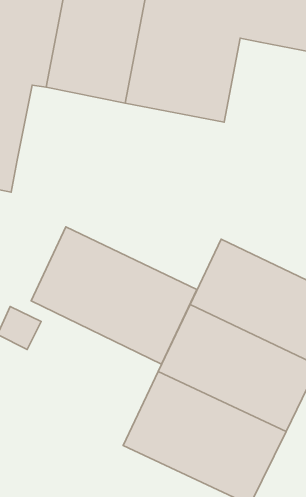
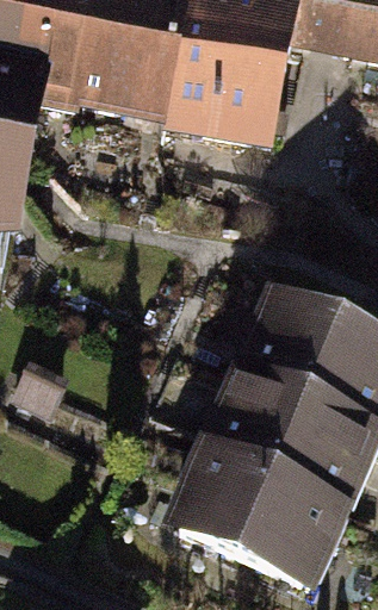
building: [31,227,197,364] -> none

